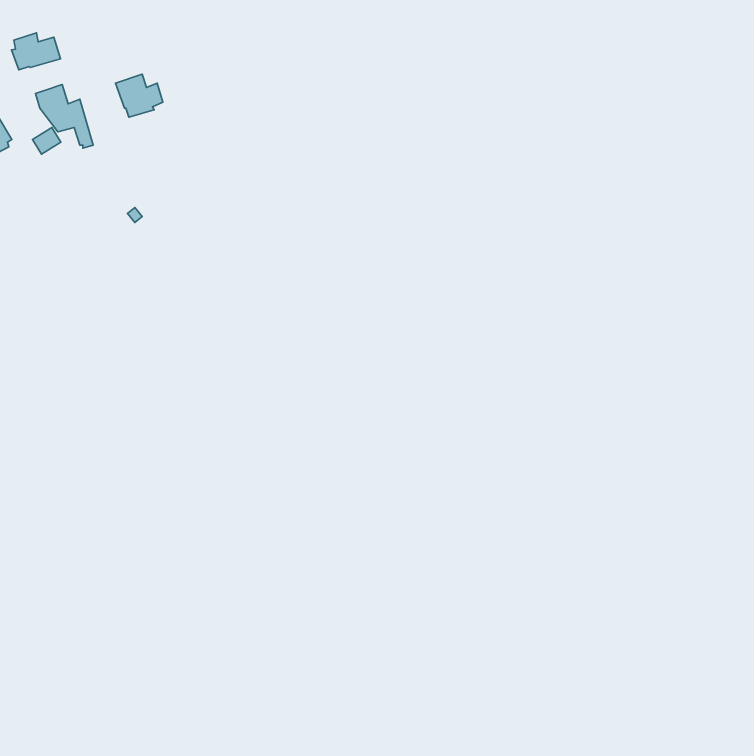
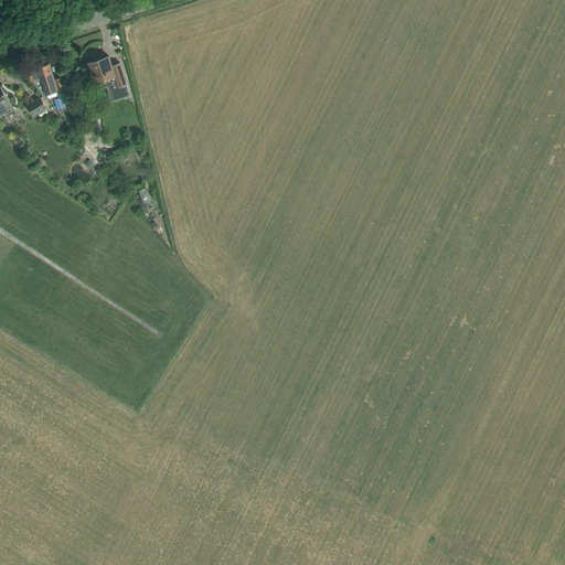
building: [12,33,60,70] -> none

